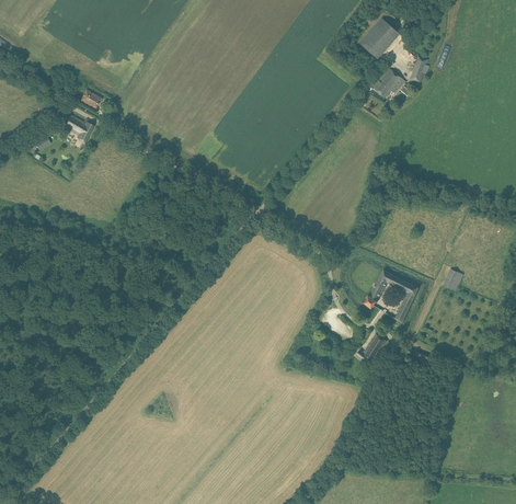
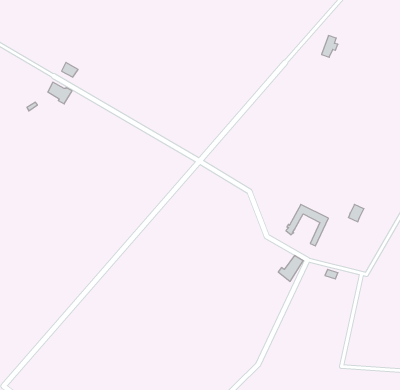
building: [359,18,399,58] -> none
building: [372,68,404,96] -> none

